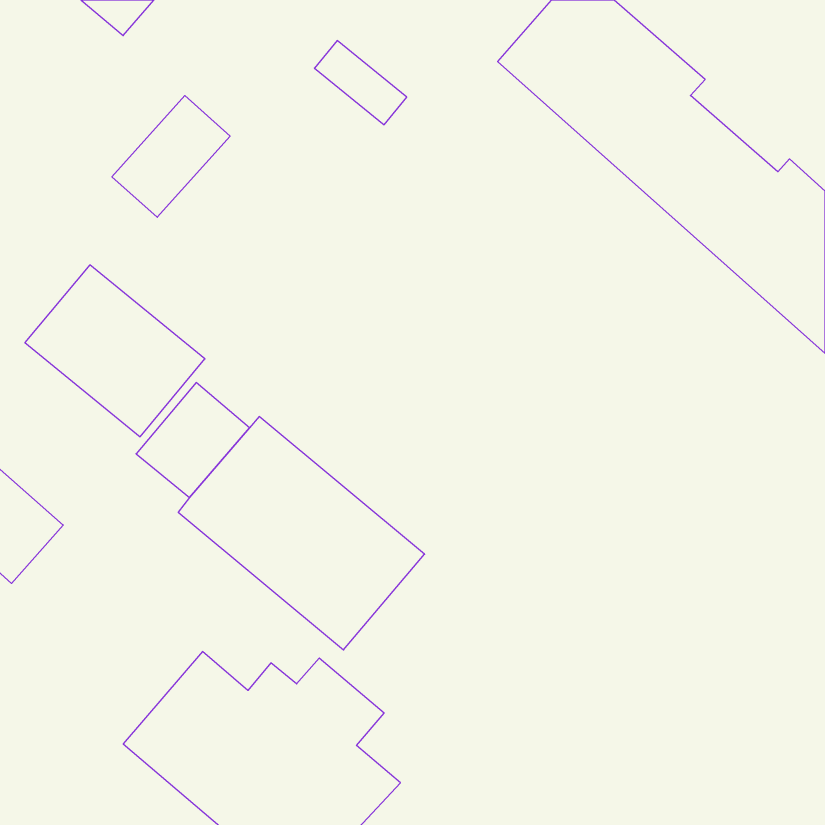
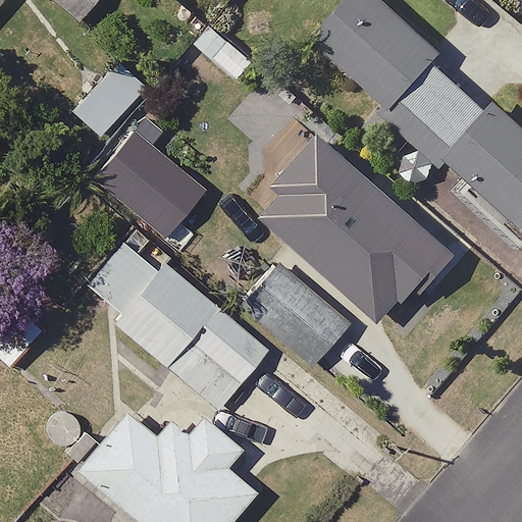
building: none -> [260,135,459,326]
building: [25,265,205,437] -> [91,133,204,241]
building: none -> [239,261,350,368]

